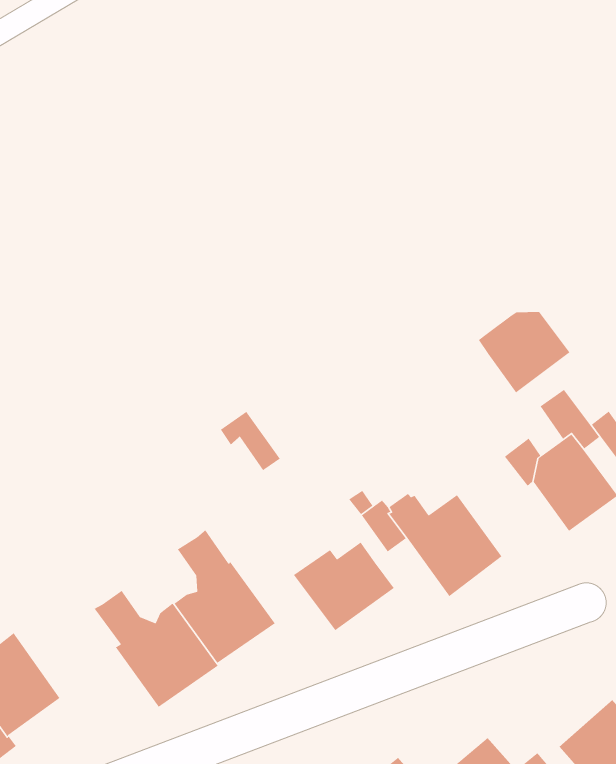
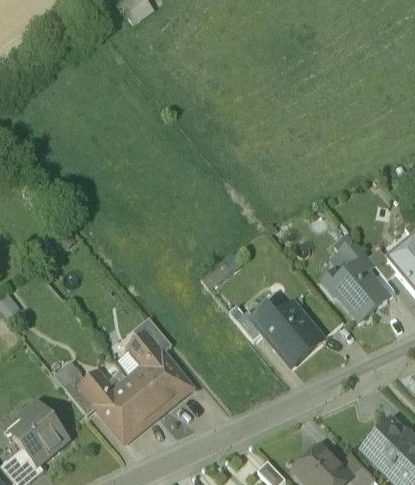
building: [478,311,571,393] -> none
building: [220,411,281,471] -> [133,318,170,353]
building: [293,541,395,631] -> none
building: none -> [63,373,99,414]

